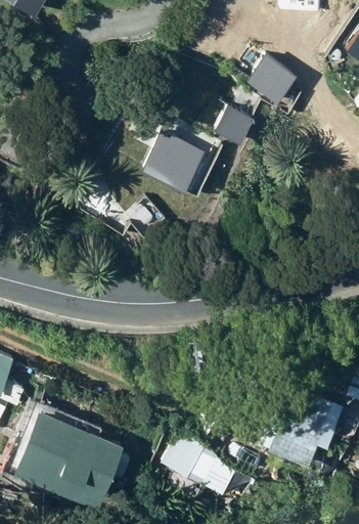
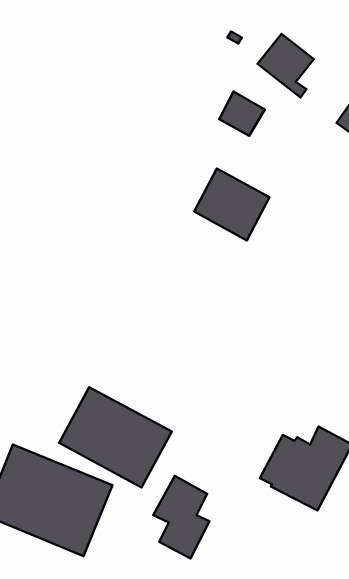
building: [142,132,207,193] -> [194,168,270,240]
building: none -> [59,387,172,487]

